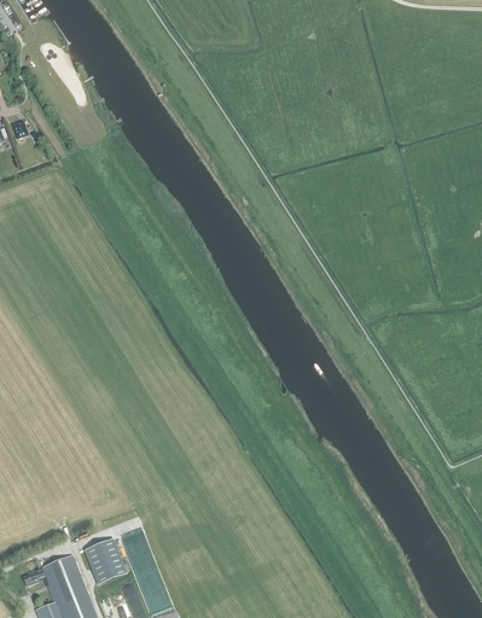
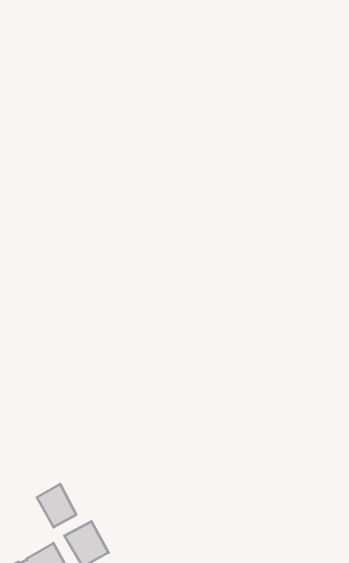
building: none -> [37,484,76,527]

